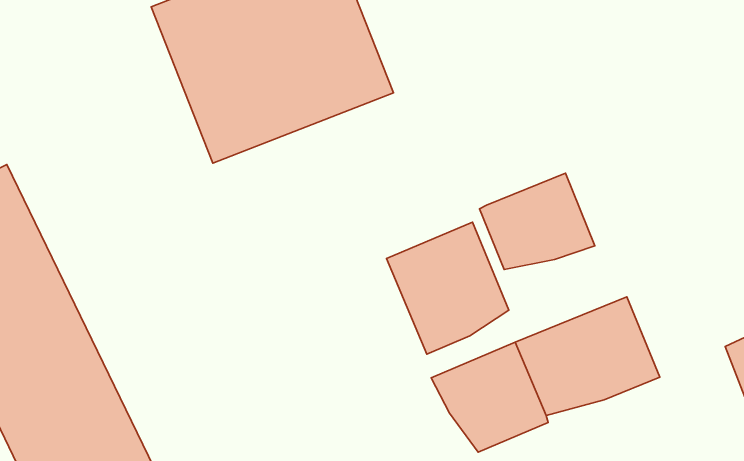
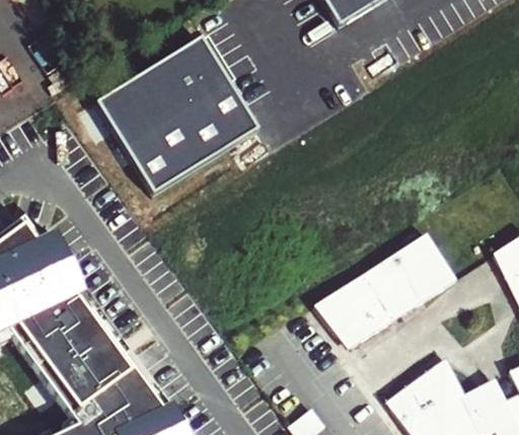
building: [480,173,595,270] -> none
building: [387,222,509,354] -> none

